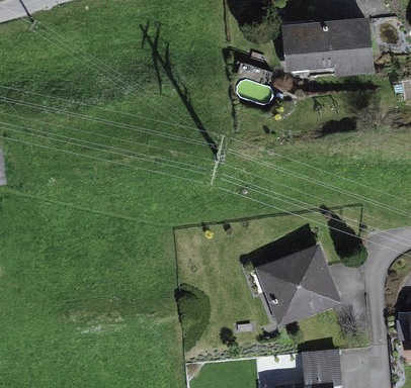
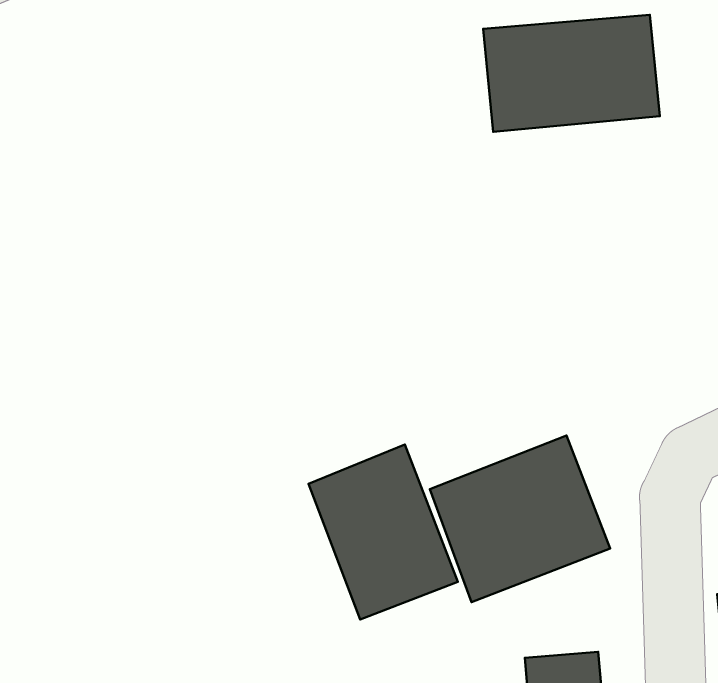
building: none -> [309,445,458,619]

